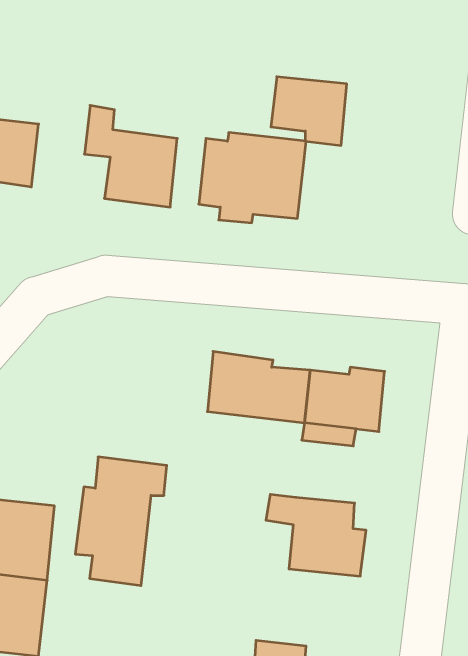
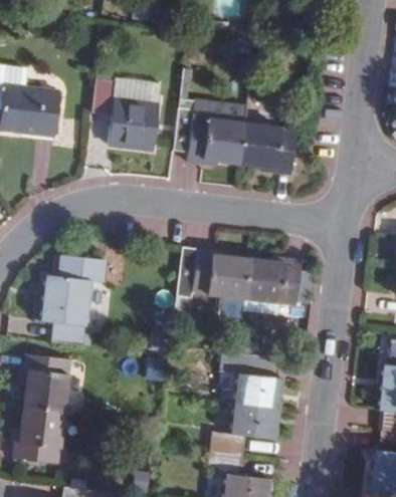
building: [271,77,347,145] -> [242,123,295,172]
building: none -> [113,76,160,102]
building: [75,457,167,586] -> [39,257,104,347]
building: none -> [213,405,286,459]

